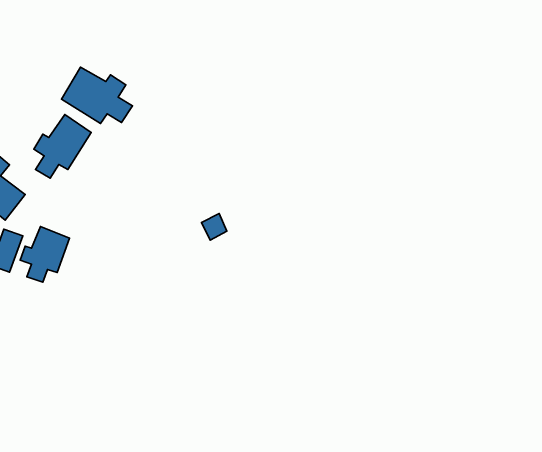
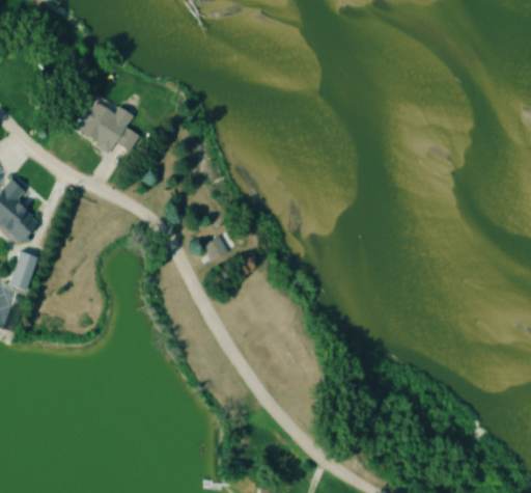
building: [34,114,91,178] -> none
building: [20,227,70,282] -> none

